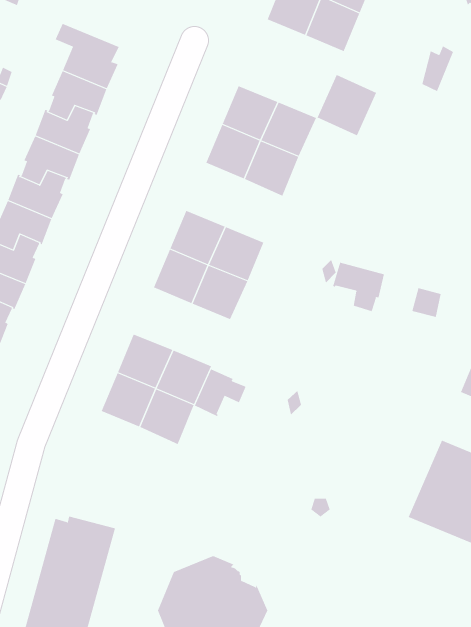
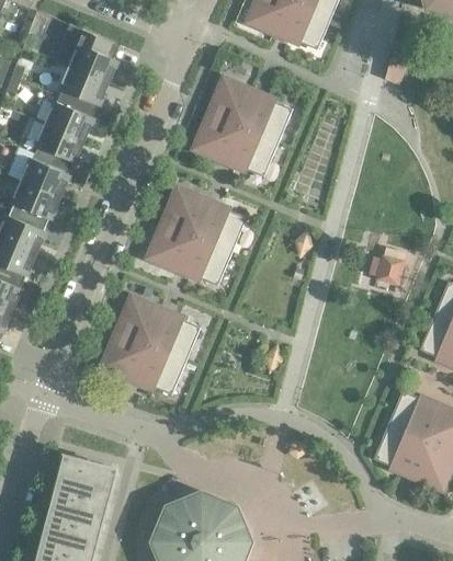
building: [317,74,377,136] -> none
building: [332,262,385,312] -> none
building: [194,368,246,417] -> none

